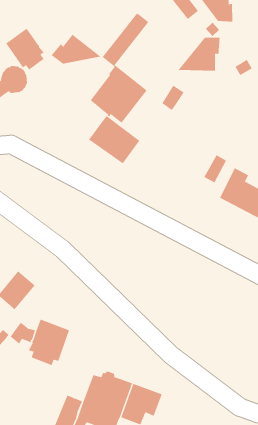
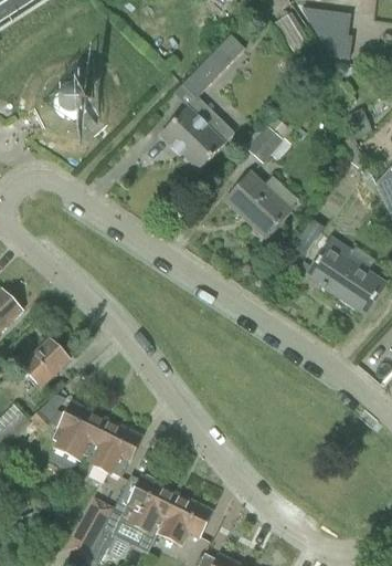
building: [5,28,45,70] -> none
building: [51,34,102,64] -> none
building: [177,37,220,72] -> none
building: [88,115,140,164] -> [226,172,290,235]
building: none -> [87,418,142,476]

